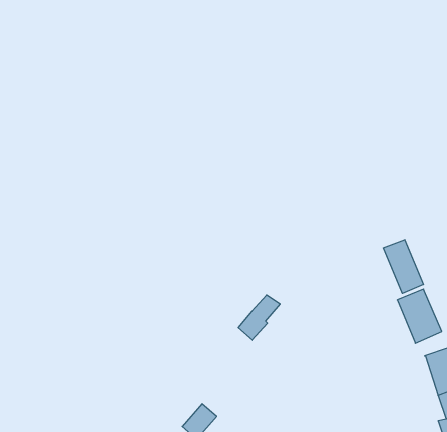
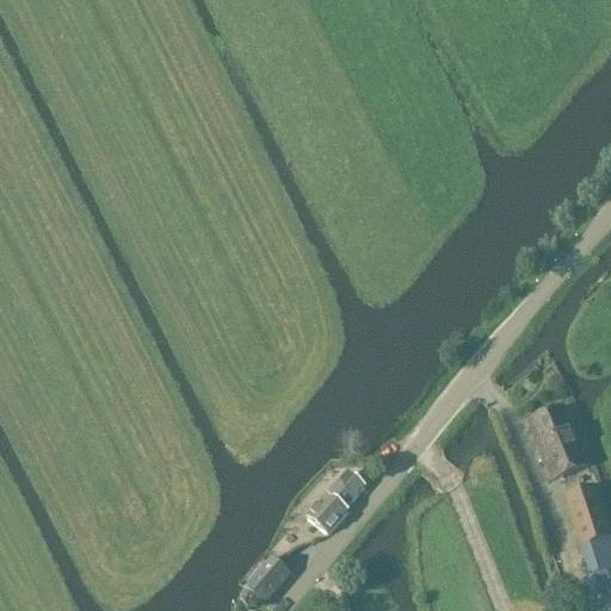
building: [383,240,423,293] -> none
building: [238,295,280,340] -> [309,471,365,531]

